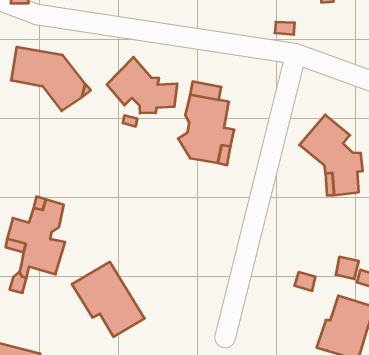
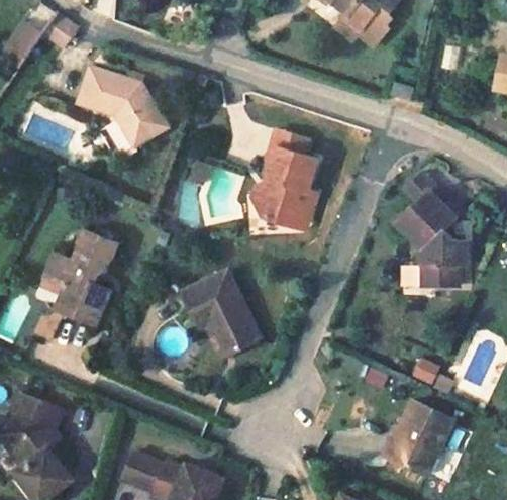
building: [107,57,177,113] -> none
building: [72,262,145,337] -> [180,271,256,356]

